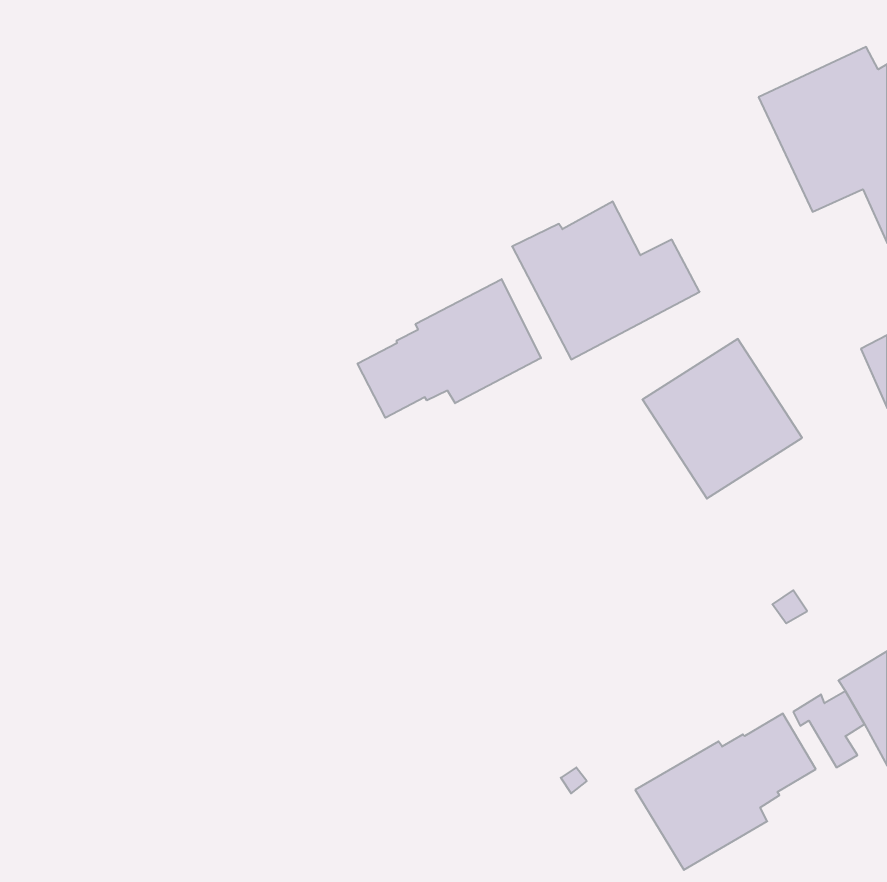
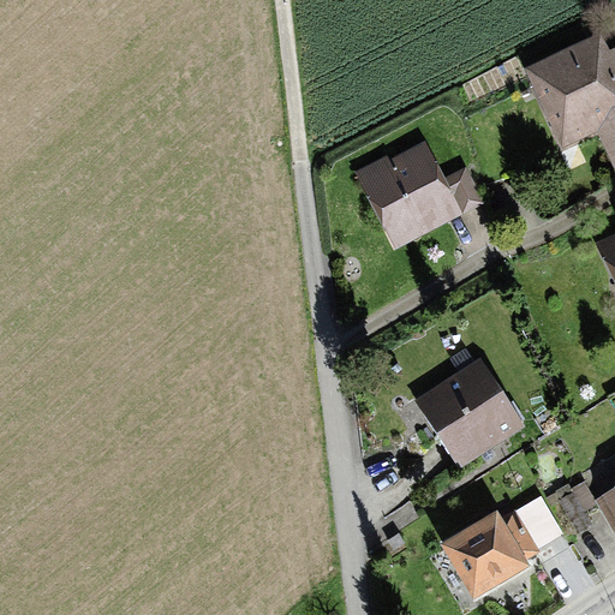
building: [358,279,541,418] -> none
building: [642,339,802,499] -> [414,358,525,468]

